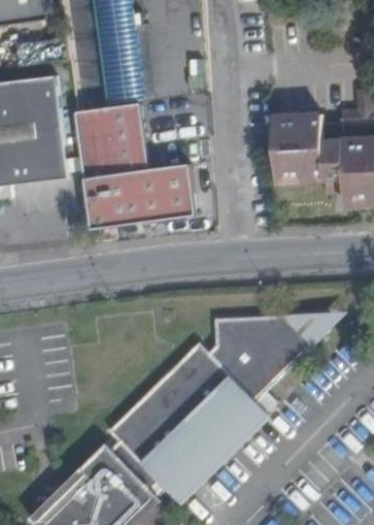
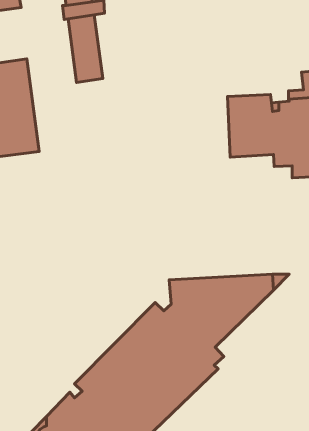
building: [75,103,198,229] -> none

